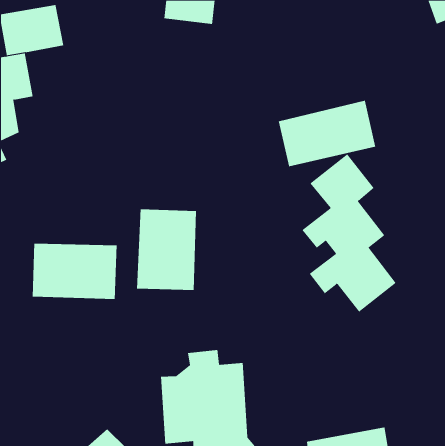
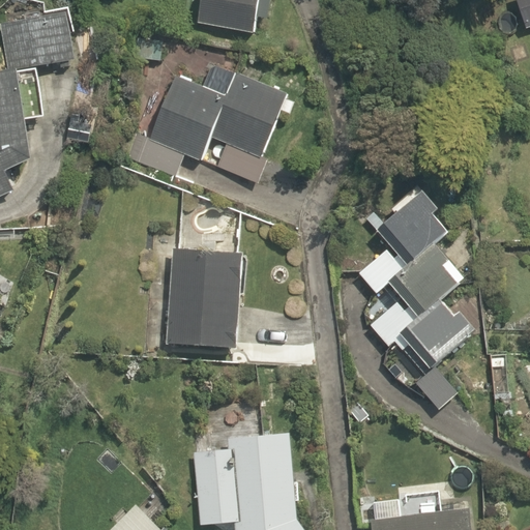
building: none -> [141,43,287,185]
building: [278,100,376,167] -> none
building: [32,243,117,300] -> none

